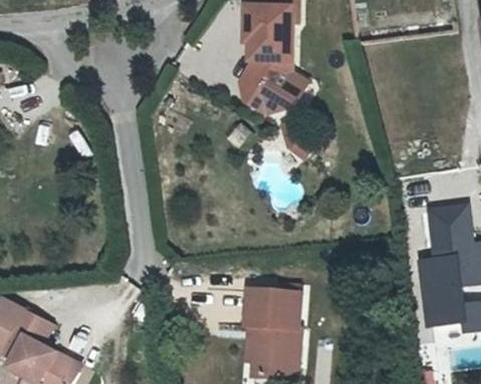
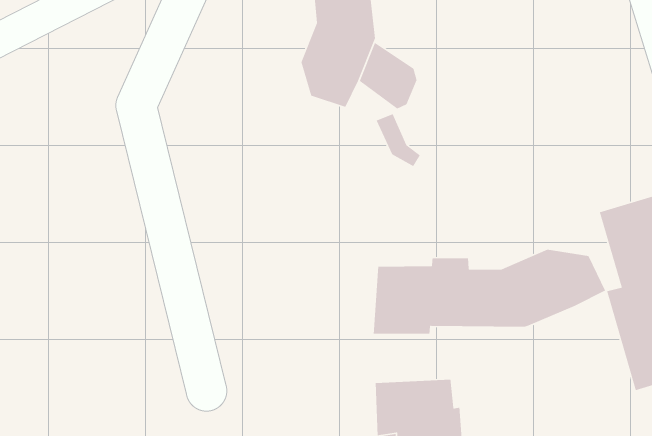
building: none -> [373,249,606,335]

